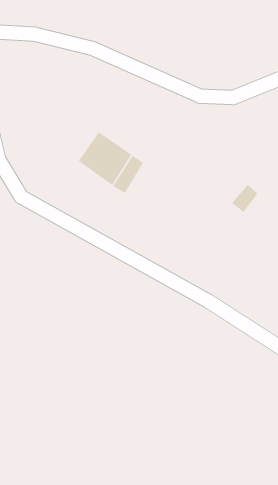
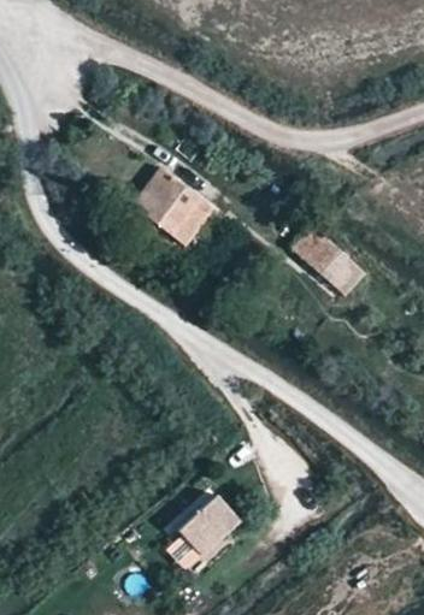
building: none -> [179,497,237,555]

